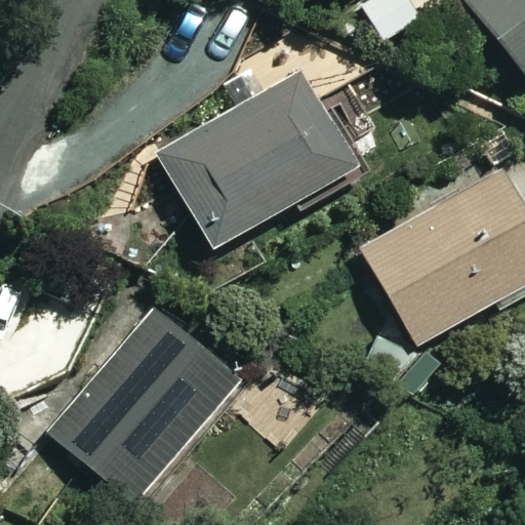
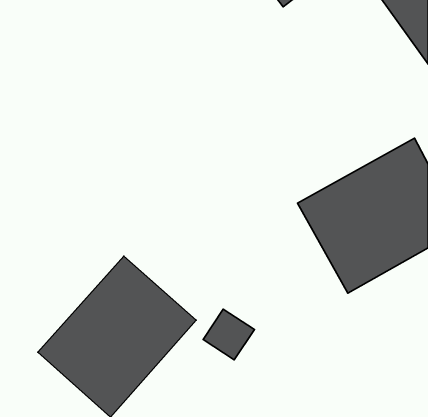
building: [157,69,362,257] -> none

